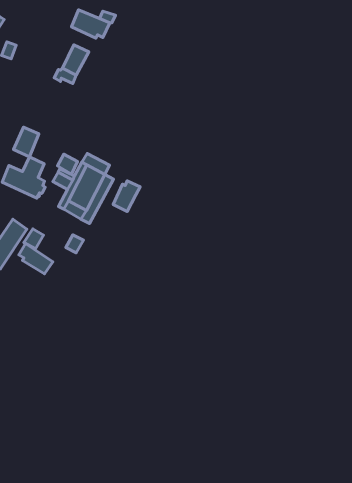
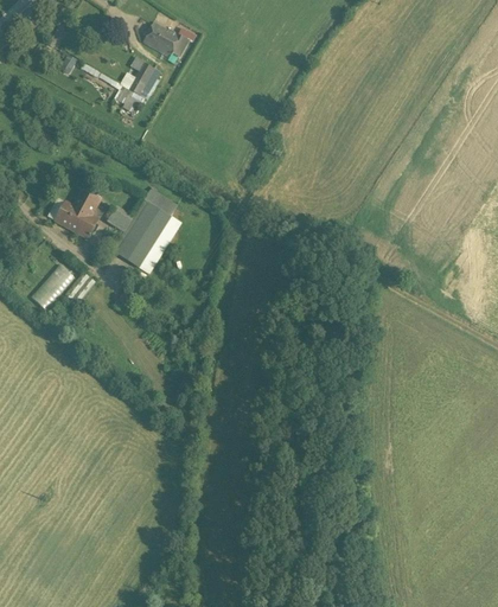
building: [13,127,39,157] -> none
building: [113,181,140,212] -> none
building: [19,244,53,274] -> none

